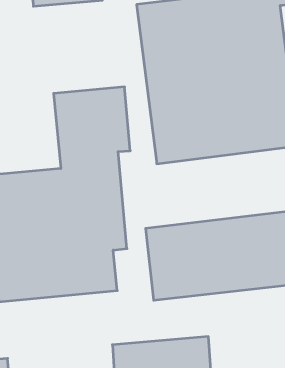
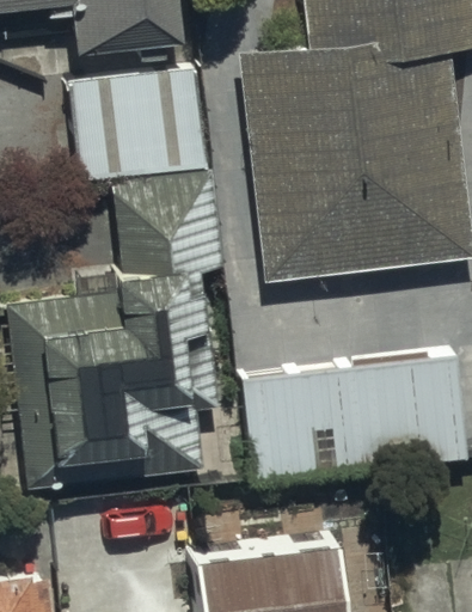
building: none -> [74,66,212,178]

